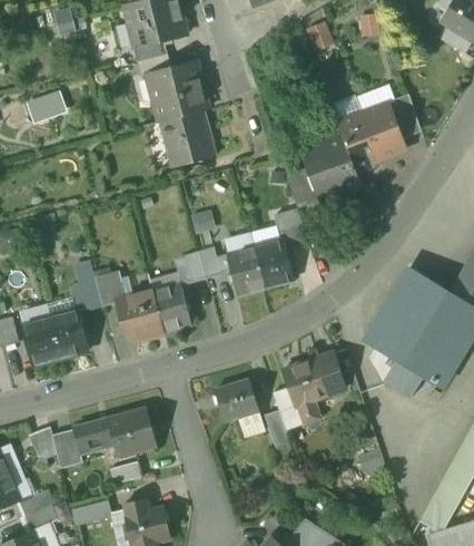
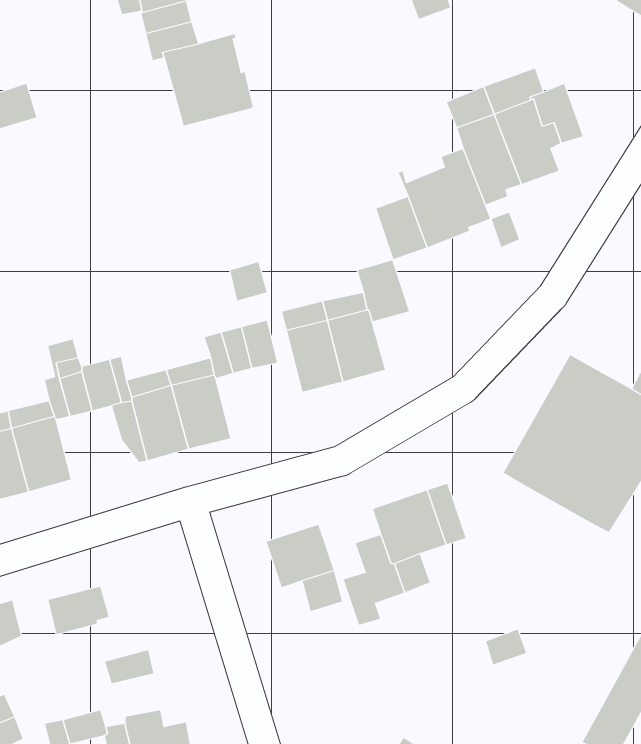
building: [160,110,215,167] -> none
building: [368,354,422,399] -> none
building: [107,409,155,456] -> none
building: [51,429,81,468] -> none

